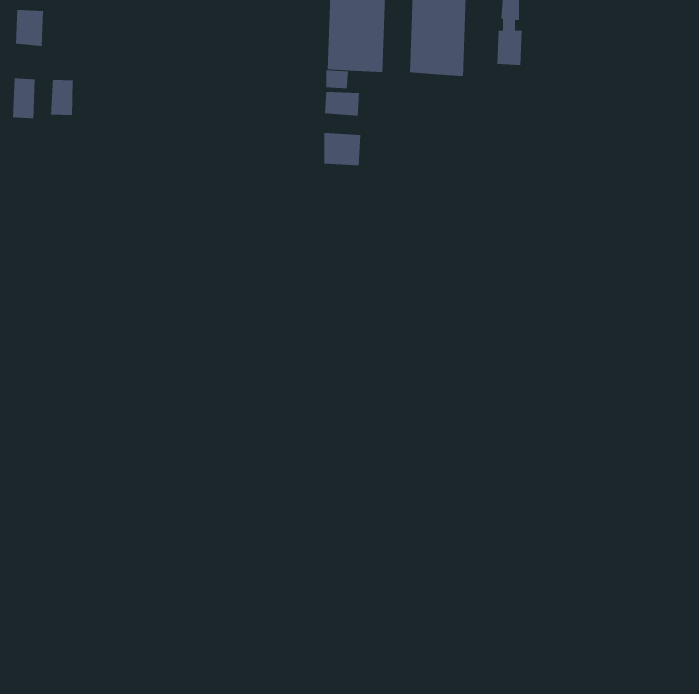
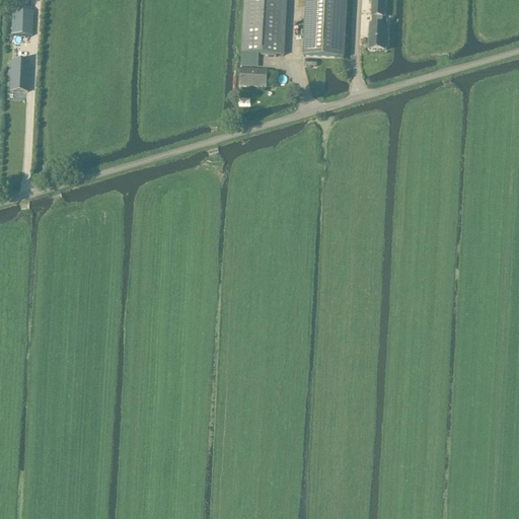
building: [51,79,73,116] -> none
building: [324,132,361,166] -> none

